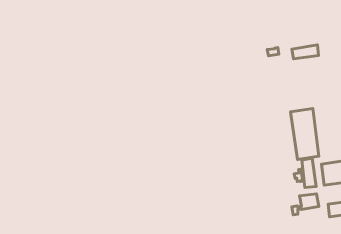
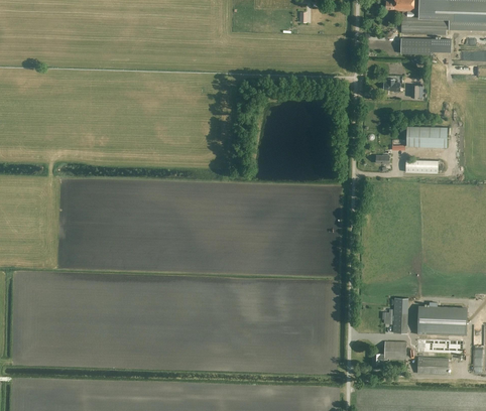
building: none -> [406,126,448,147]
building: [291,109,319,159] -> none

